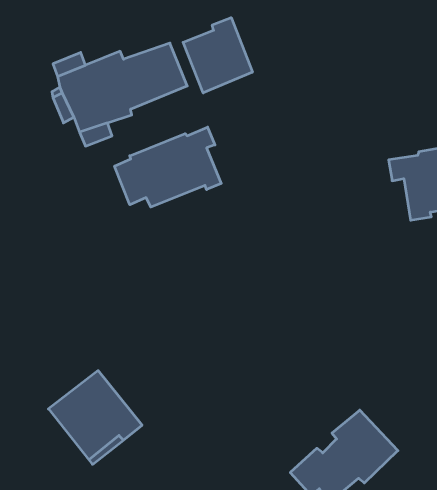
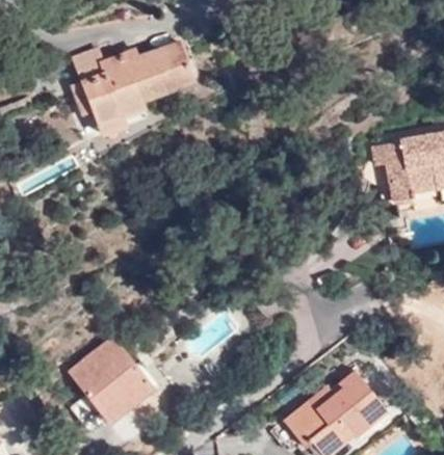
building: [183,18,252,93] -> none
building: [115,127,221,207] -> none

